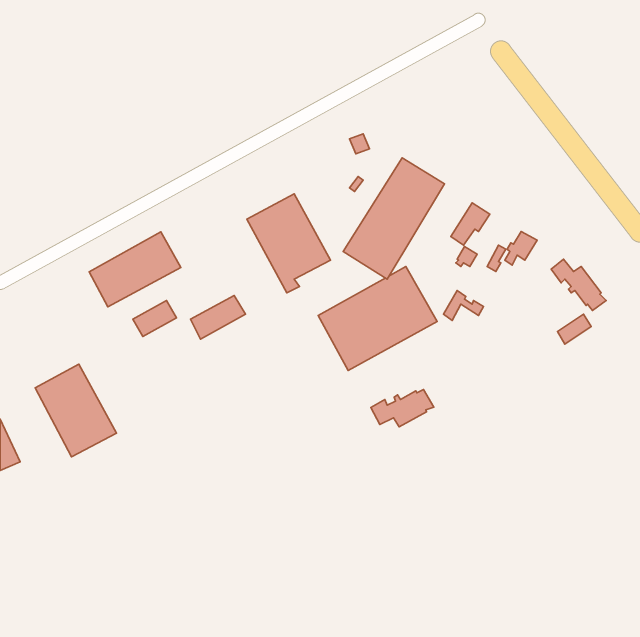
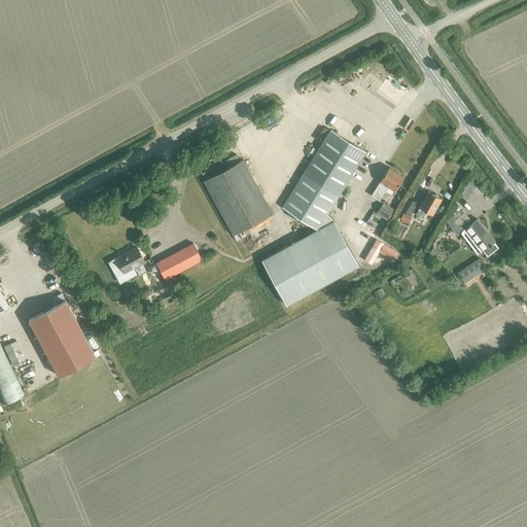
building: [89,232,181,307] -> none
building: [371,389,434,427] -> none

